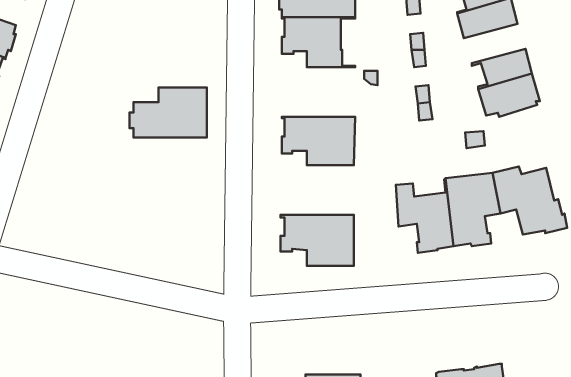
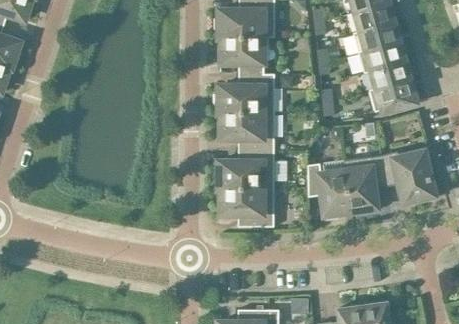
building: none -> [358,41,405,71]
building: [130,88,207,137] -> [216,74,275,112]
building: none -> [216,149,274,187]

